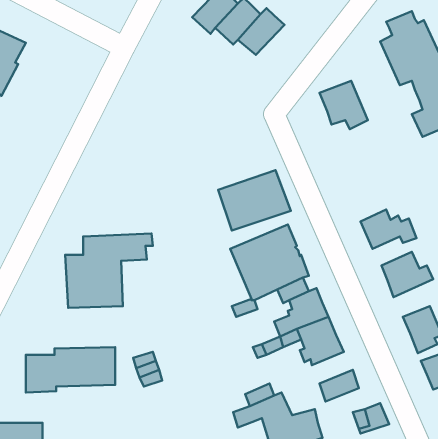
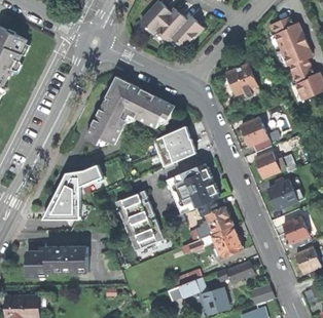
building: none -> [84,75,174,144]
building: none -> [240,114,273,153]
building: none -> [114,189,162,248]

